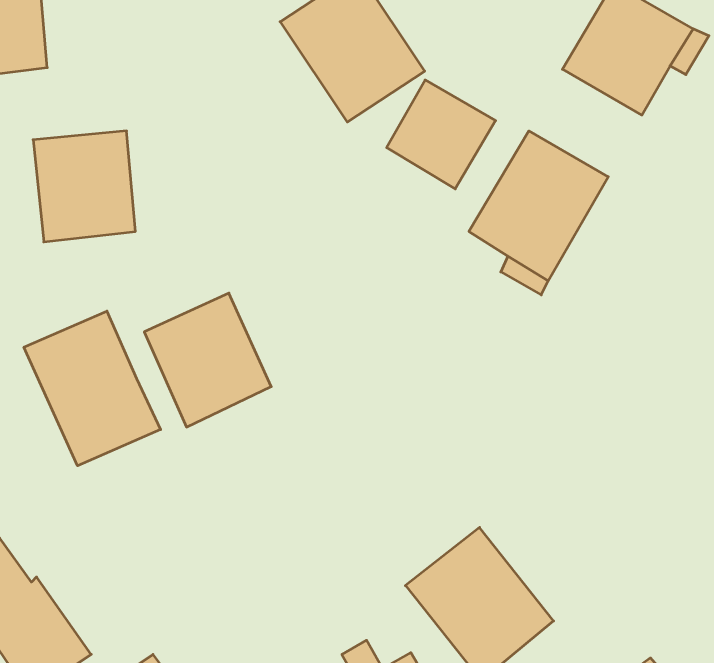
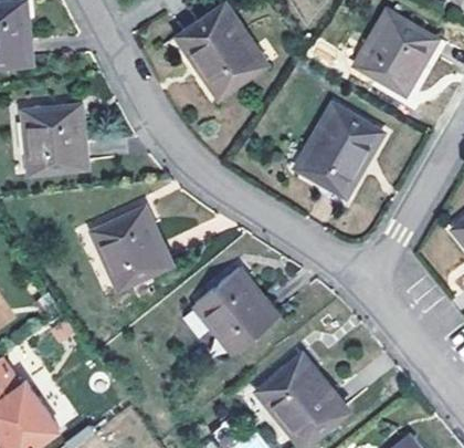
building: [387,80,496,189] -> none
building: [24,311,161,466] -> none
building: none -> [192,265,280,354]

